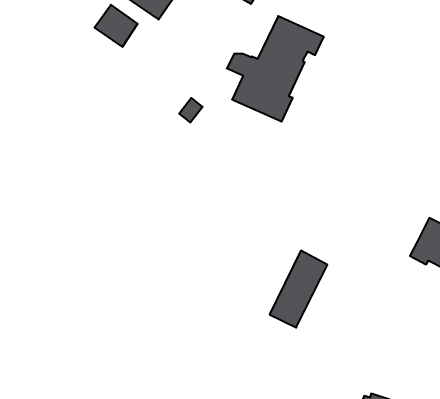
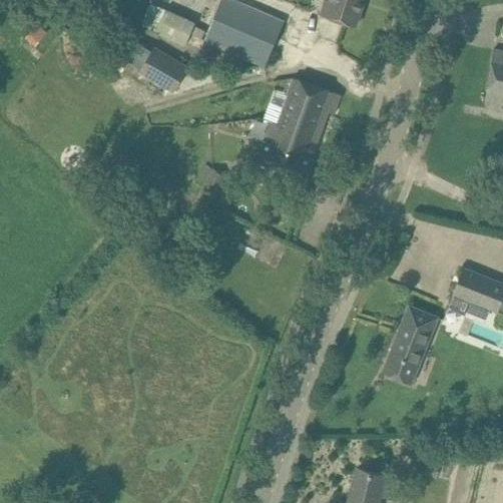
building: [95,5,138,47] -> none
building: [270,251,327,328] -> [383,306,437,384]

